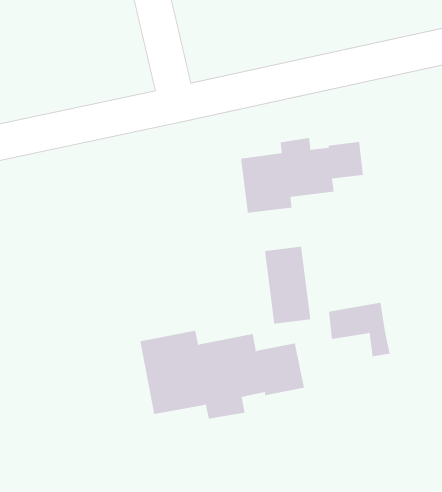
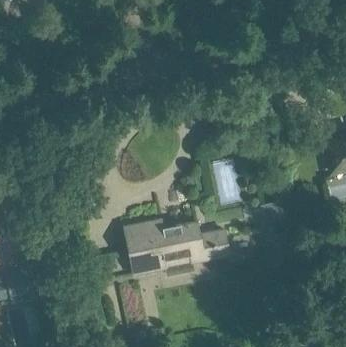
building: [240,137,363,214] -> none

